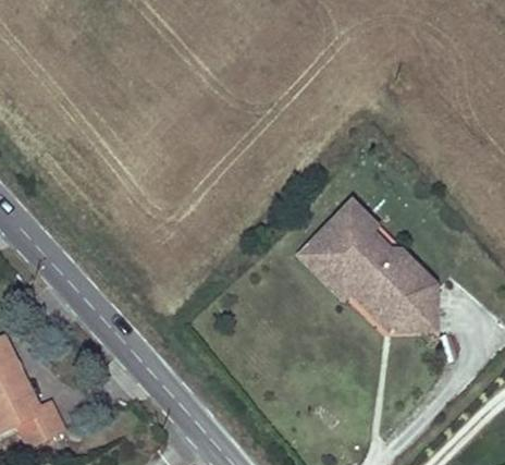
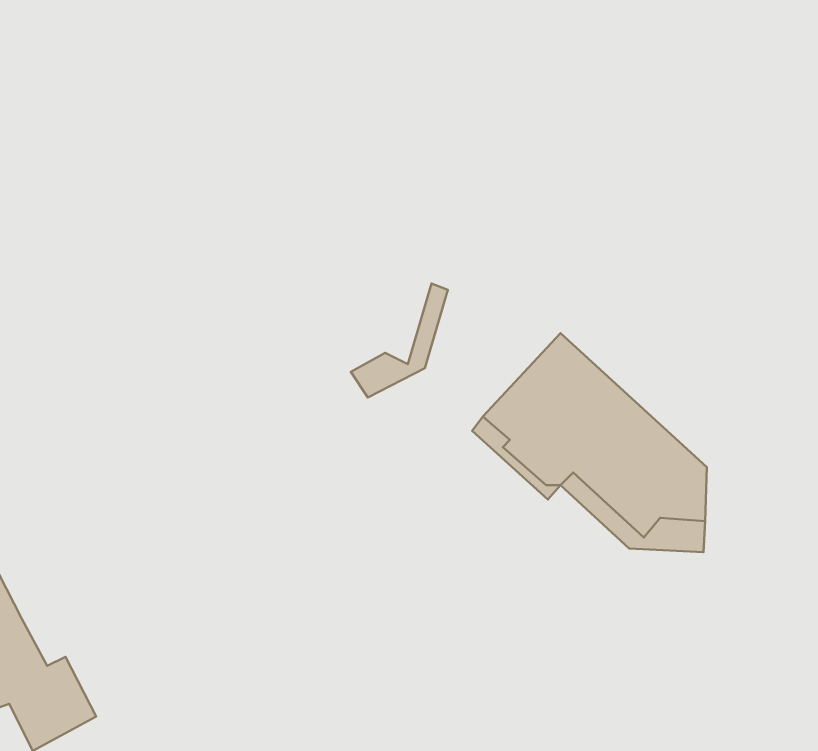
building: none -> [351,284,448,398]

